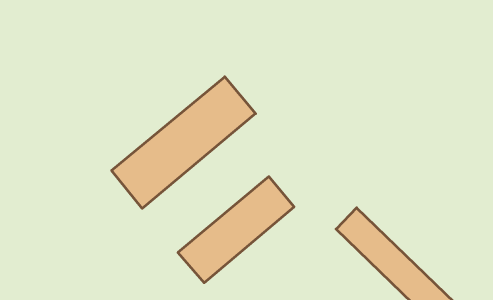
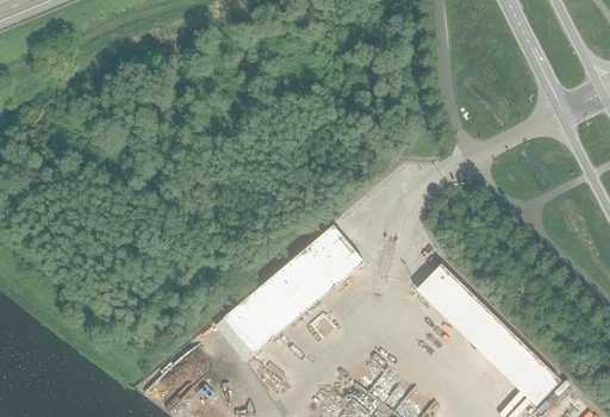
building: [112,77,256,208] -> none

